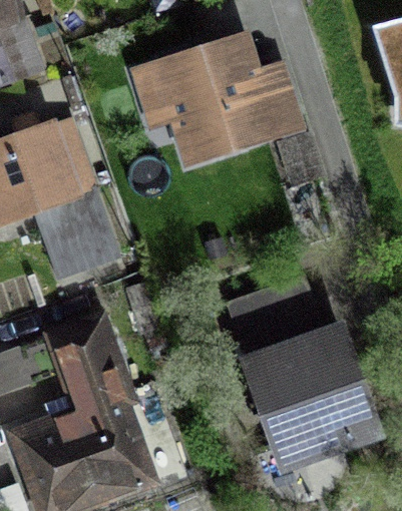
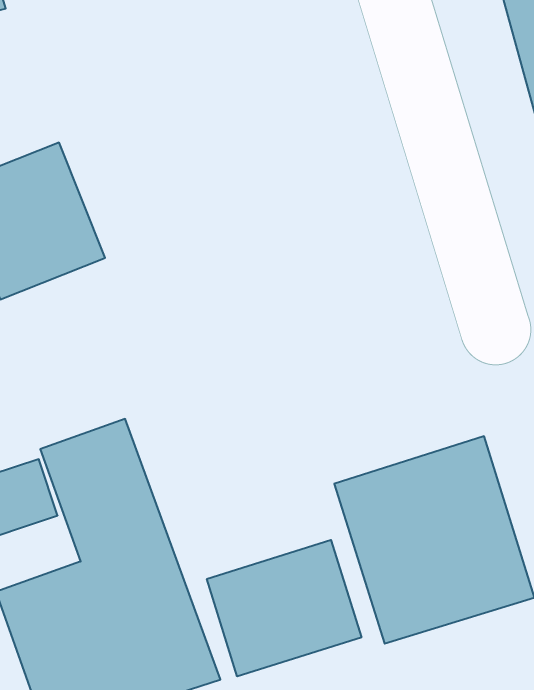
building: [137,37,294,155] -> none
building: none -> [207,540,361,676]

